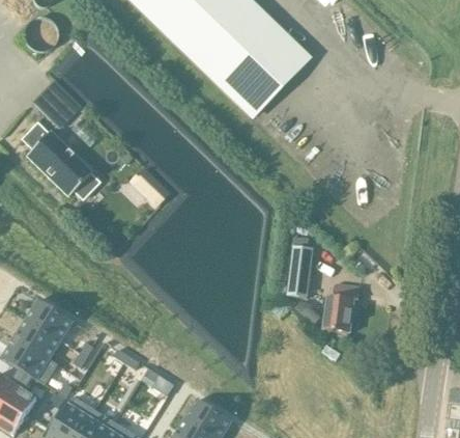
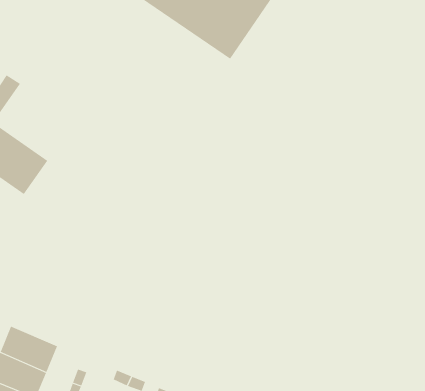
building: [287,244,315,297] -> none
building: [324,283,361,331] -> none

